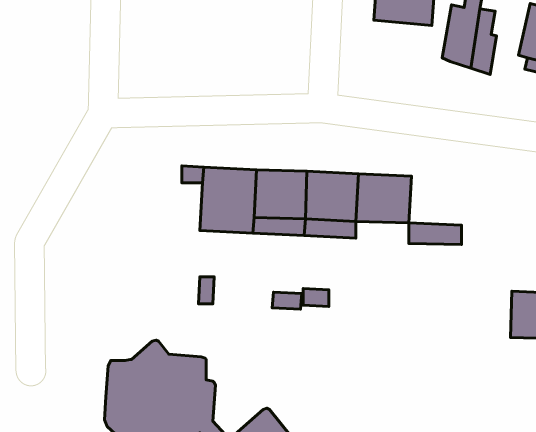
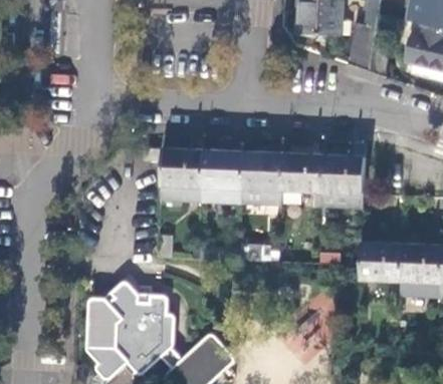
building: none -> [321,154,365,193]
building: none -> [360,242,402,280]

